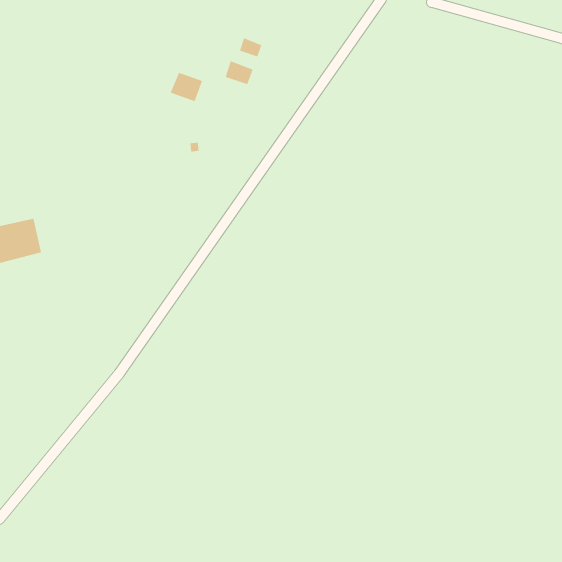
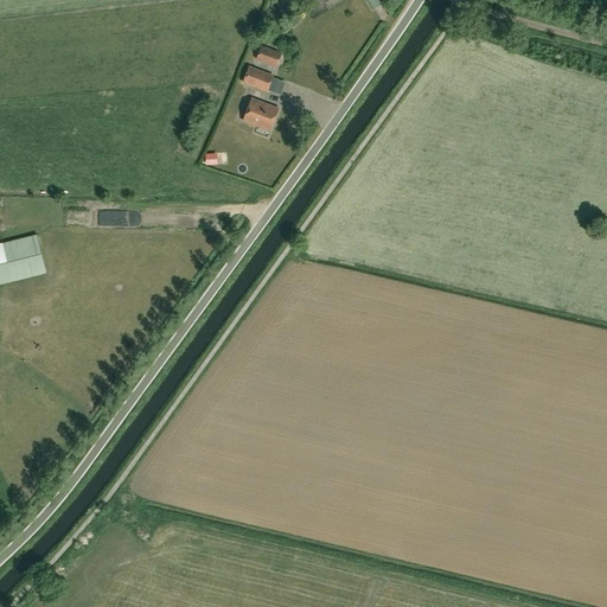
building: [170,72,203,102] -> [242,98,277,130]

